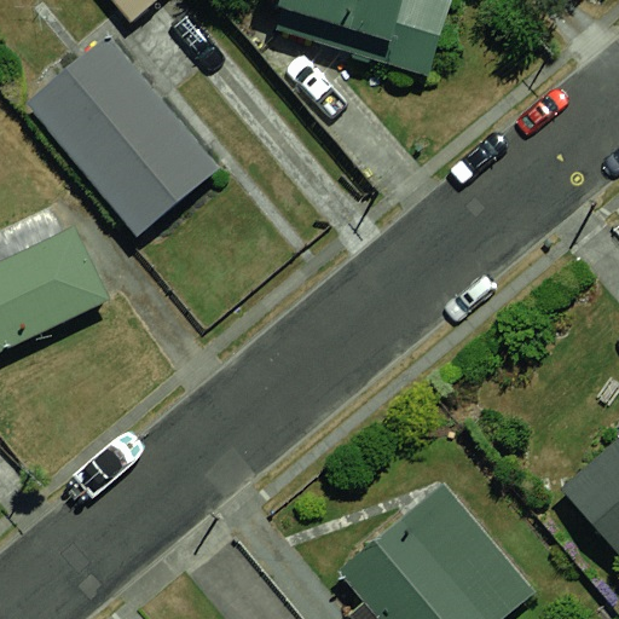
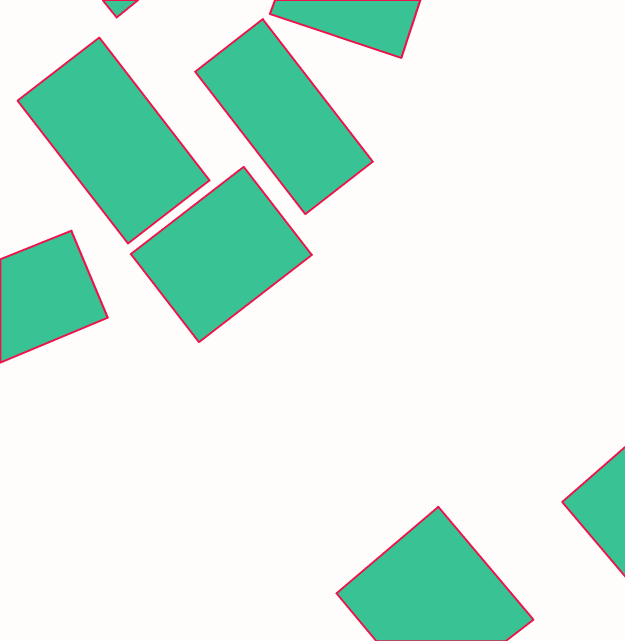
building: none -> [195,19,373,214]
building: none -> [131,167,312,342]

